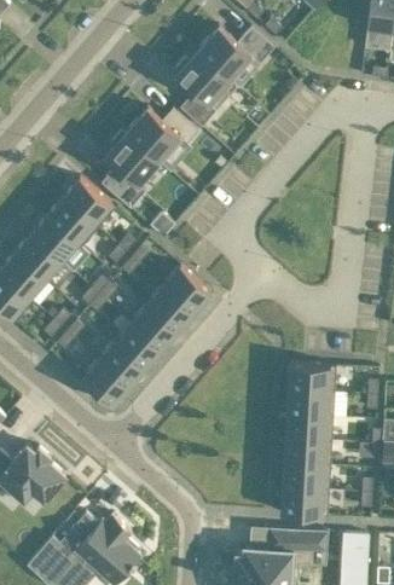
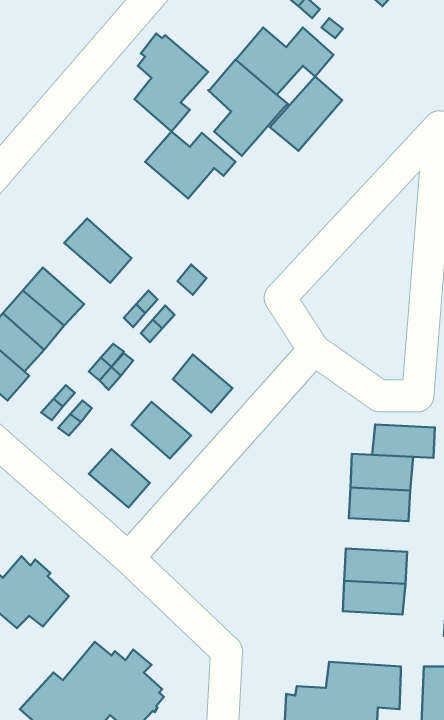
building: none -> [270,76,342,151]
building: [102,132,160,209] -> [135,34,208,131]
building: [45,197,98,248] -> none
building: [163,266,212,312] -> none
building: [131,305,178,349] -> none
building: [99,341,145,387] -> none
building: [284,415,334,441] -> [372,424,435,458]
building: [280,488,329,516] -> none

